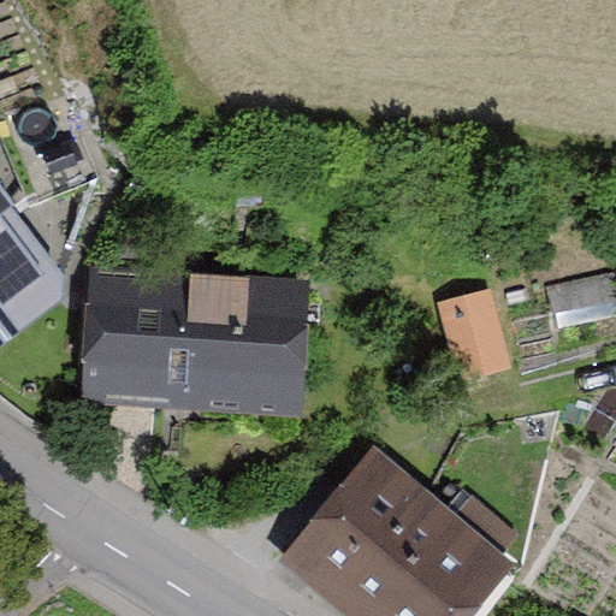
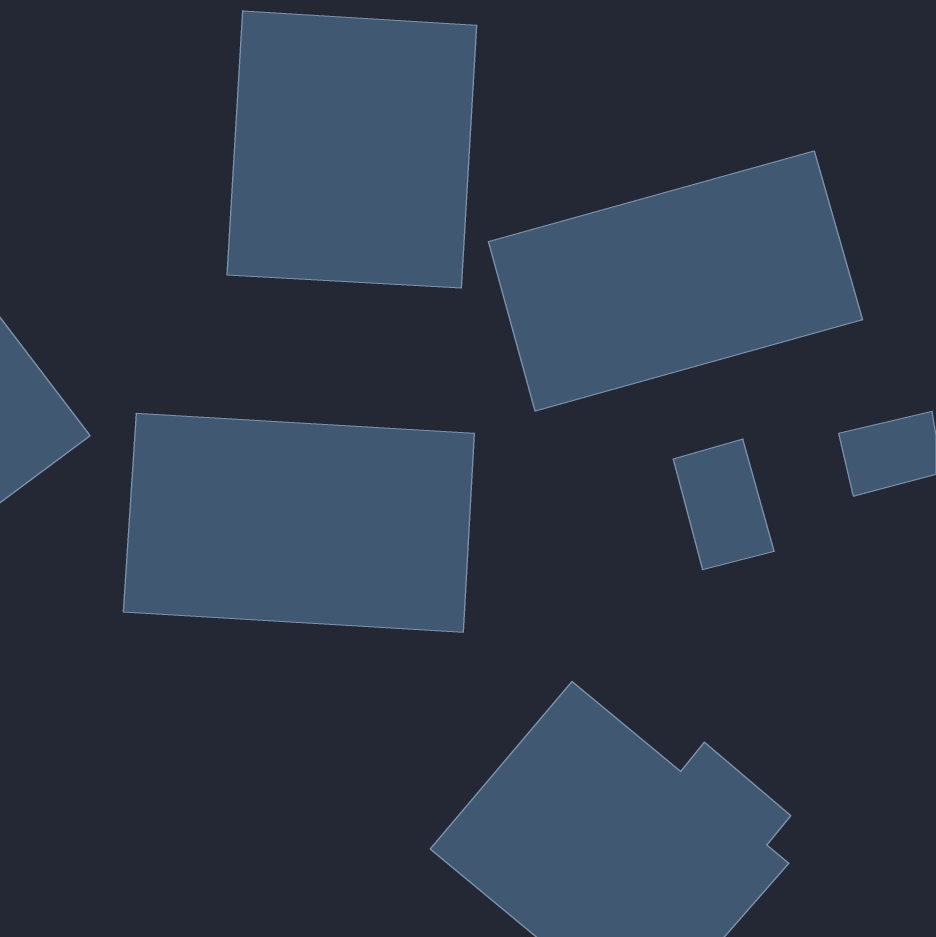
building: none -> [227,11,477,288]
building: none -> [489,151,862,411]

